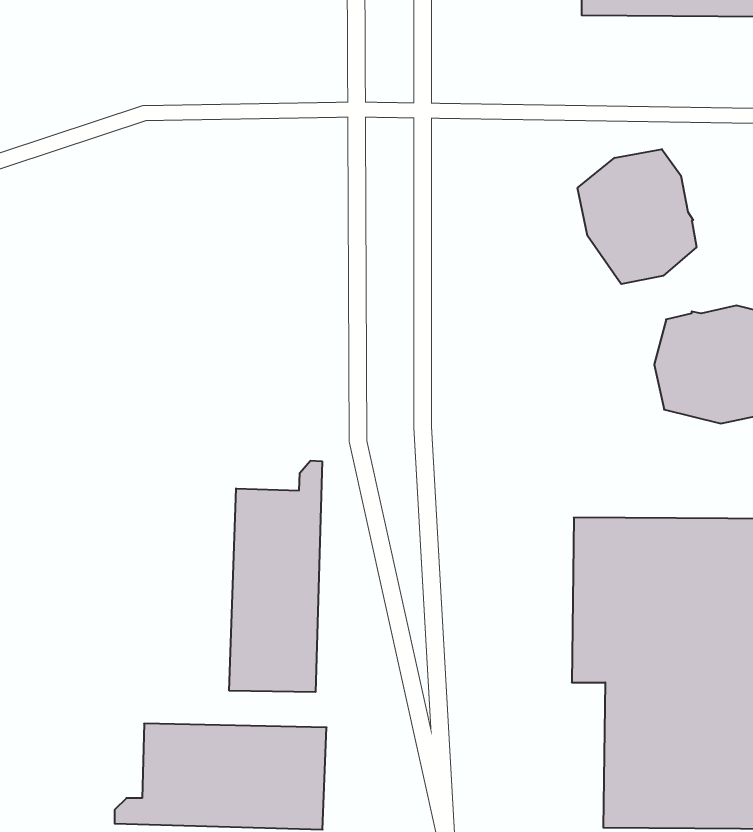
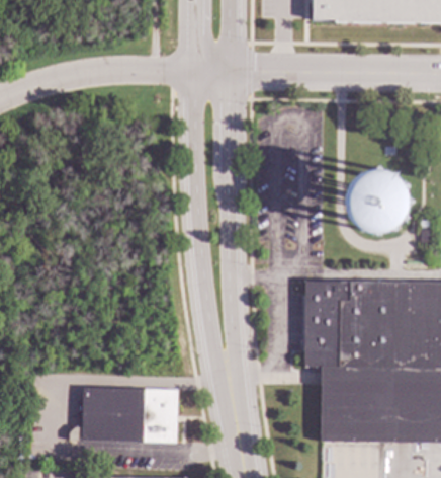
building: [578,149,697,284] -> none
building: [229,461,322,692] -> none

